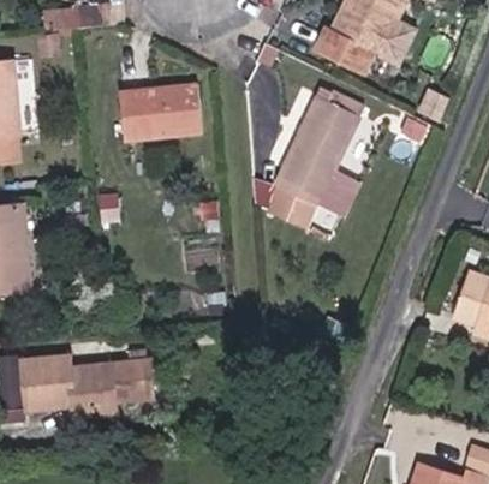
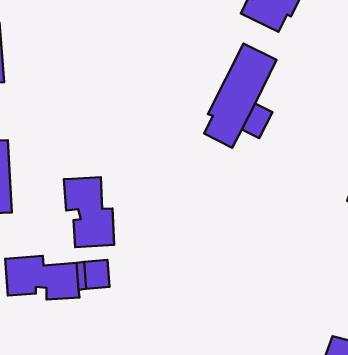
building: [115,94,199,148] -> none
building: none -> [64,177,114,247]

